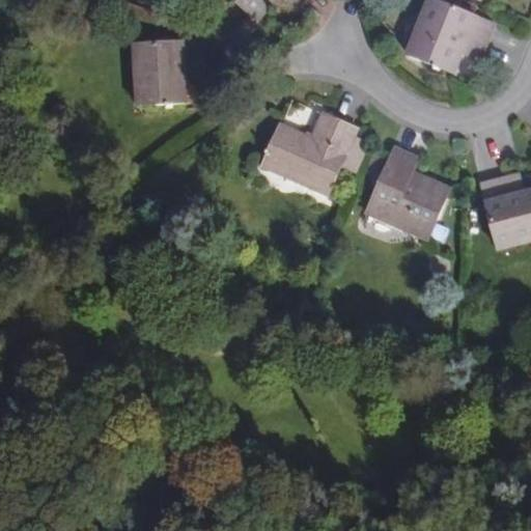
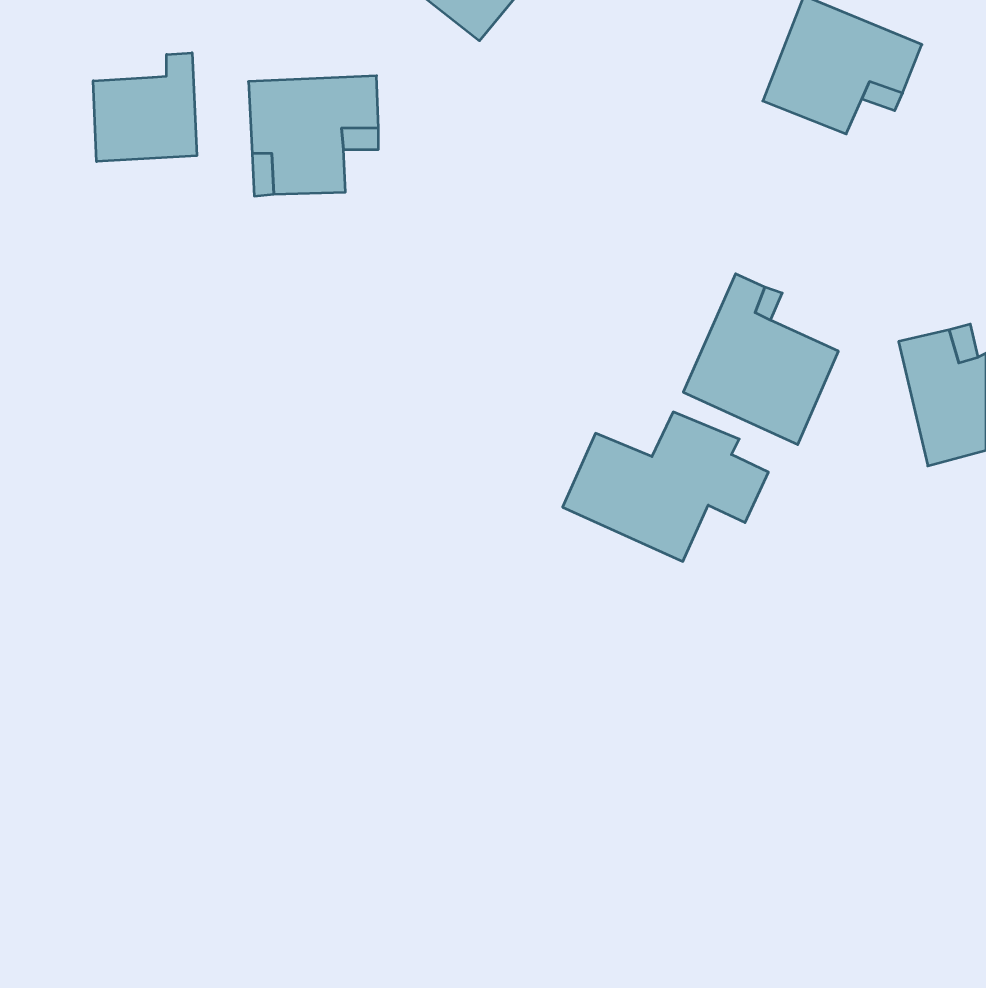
building: none -> [93,53,197,162]
building: [262,111,372,191] -> [563,412,768,561]

